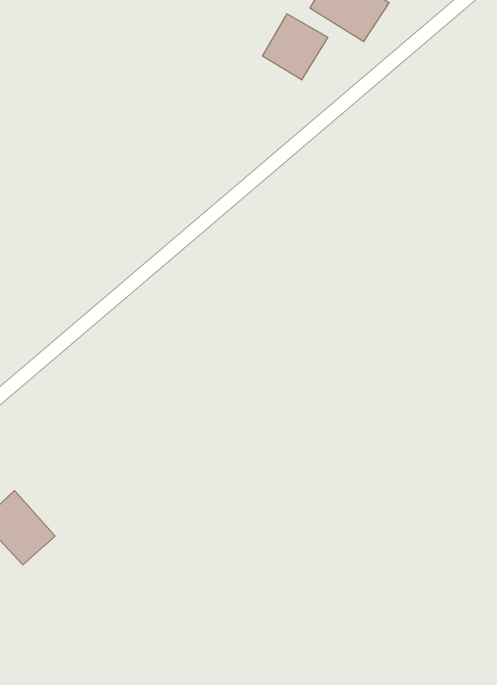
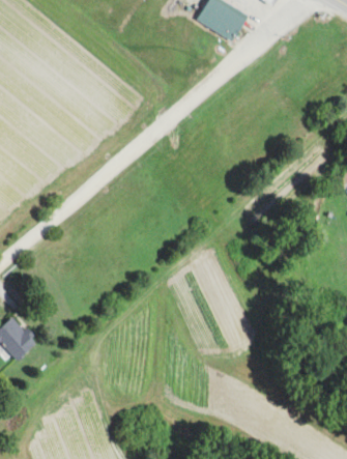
building: [262,14,328,80] -> none

